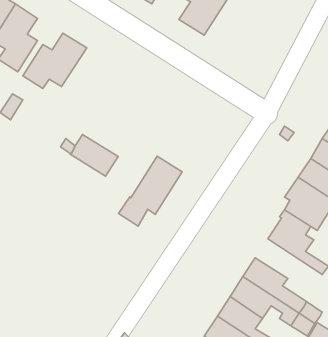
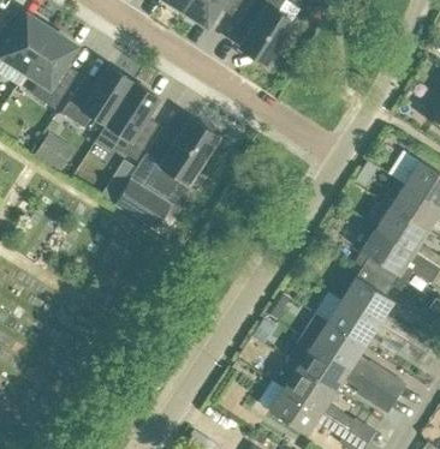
building: none -> [106,79,161,158]
building: [118,156,182,226] -> [145,115,219,196]
building: none -> [328,299,405,349]

